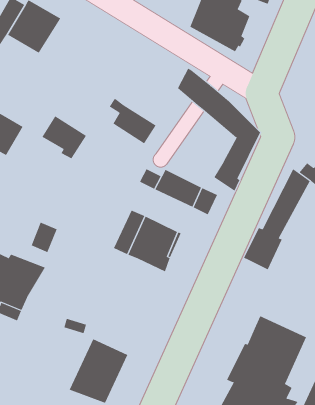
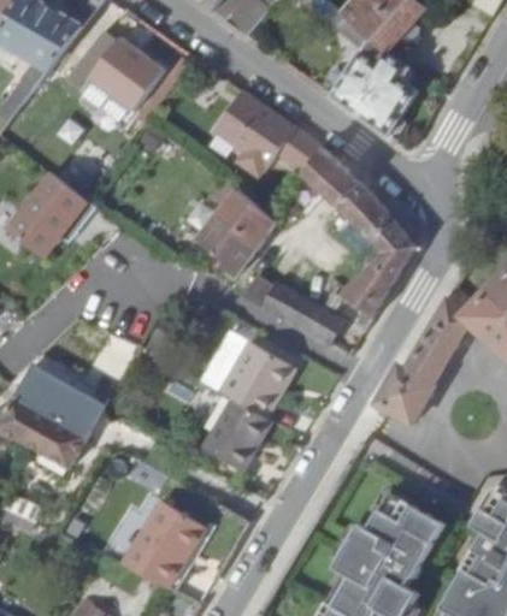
building: none -> [220,96,325,180]
building: [41,115,87,159] -> [198,215,258,276]
building: none -> [204,397,272,472]

